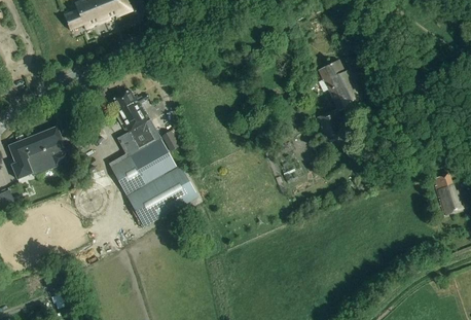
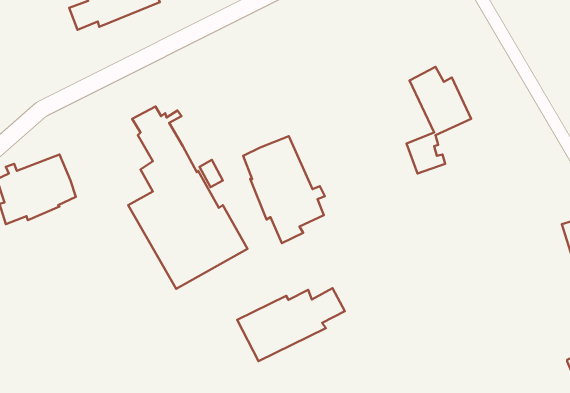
building: none -> [243,136,325,243]
building: none -> [237,288,345,361]

